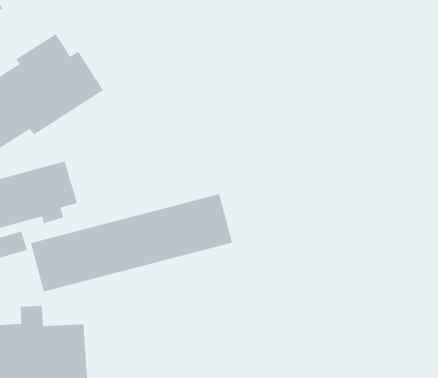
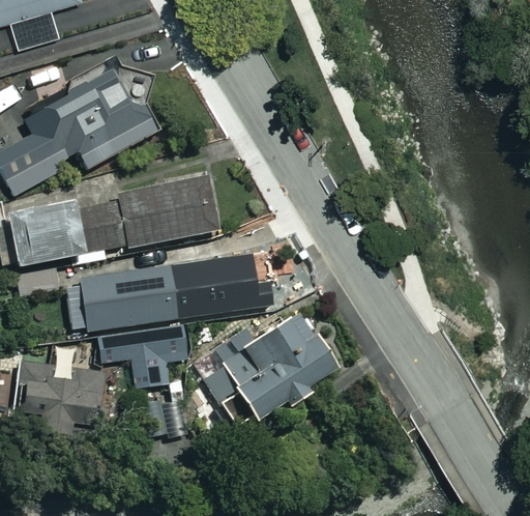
building: none -> [112,175,219,249]
building: none -> [194,313,335,433]
building: none -> [97,322,190,389]

